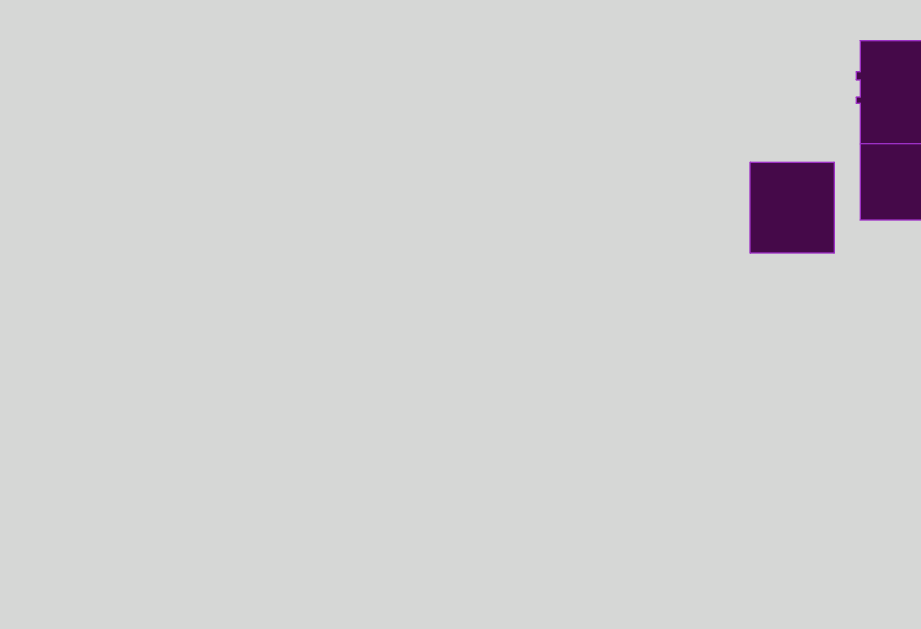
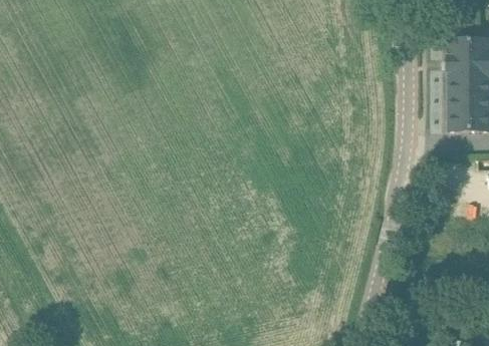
building: [750,162,834,253] -> none

